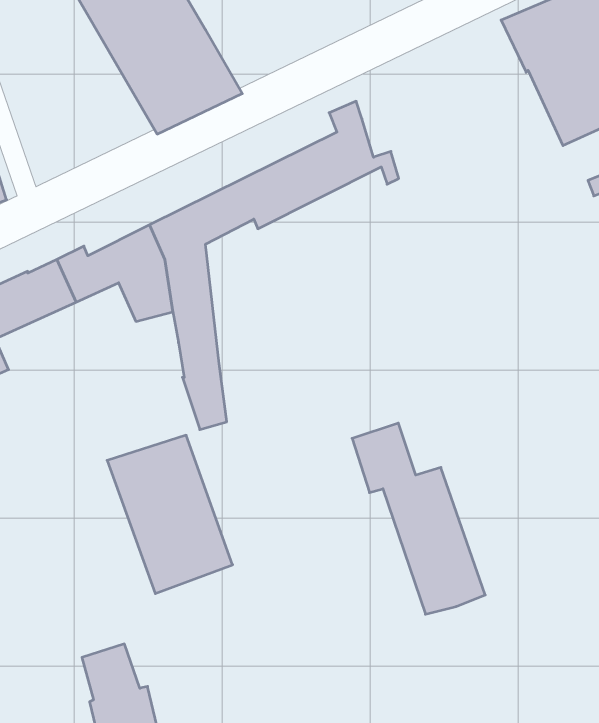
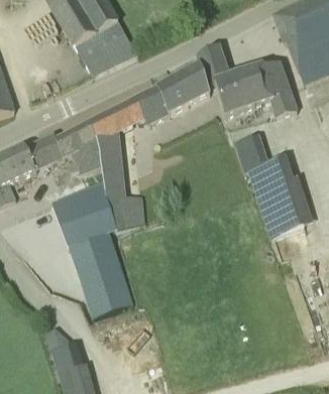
building: none -> [196,45,297,115]
building: none -> [51,184,115,246]
building: [352,423,485,614] -> [234,134,304,234]

